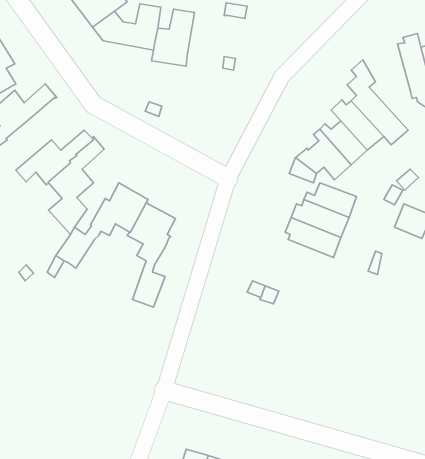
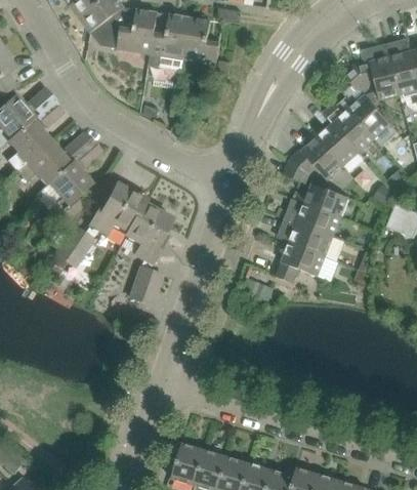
building: none -> [183,17,220,75]
building: none -> [355,45,401,99]
building: none -> [7,100,64,171]
building: none -> [277,239,326,283]

